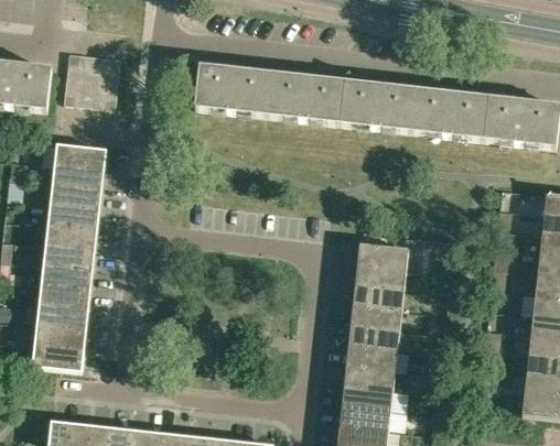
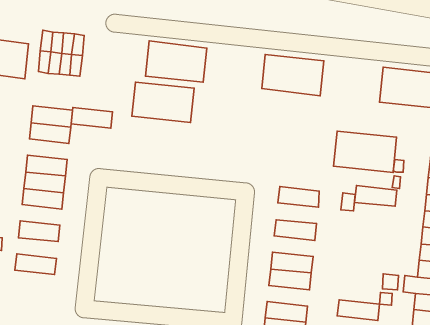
building: [266,72,342,121] -> [132,82,194,122]
building: [409,87,486,138] -> [334,131,397,172]
building: [51,183,101,208] -> [71,108,113,128]
building: [355,261,407,286] -> [355,186,397,206]
building: [42,263,93,289] -> none
building: [351,302,402,327] -> none
building: [37,304,88,329] -> none
building: [33,344,84,370] -> none
building: [344,362,396,388] -> [337,300,380,320]

